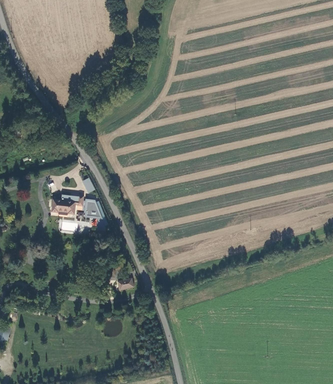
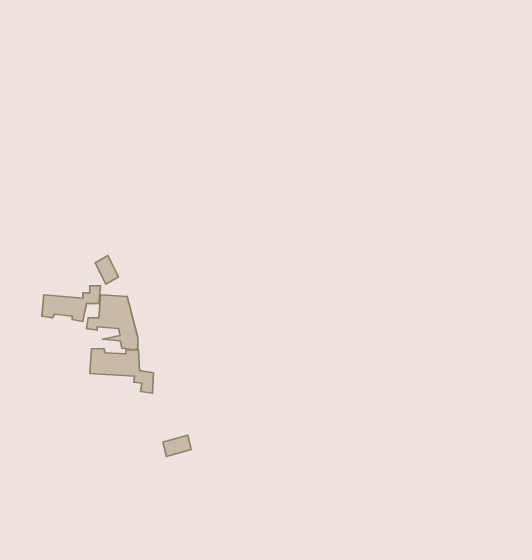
building: none -> [90,349,154,393]

